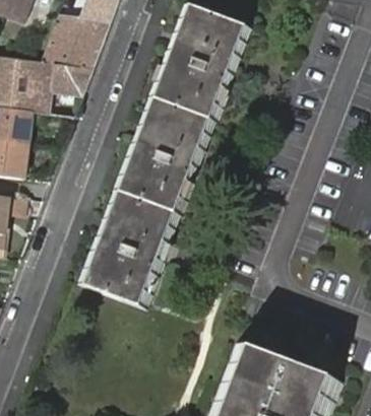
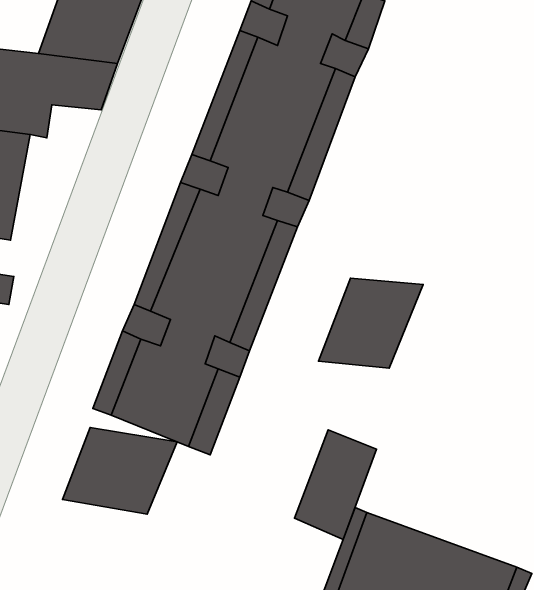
building: none -> [319,278,423,368]
building: none -> [63,428,177,514]
building: none -> [295,430,376,540]

